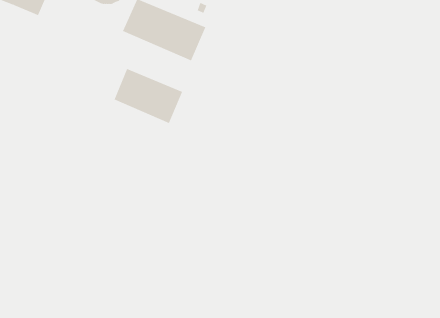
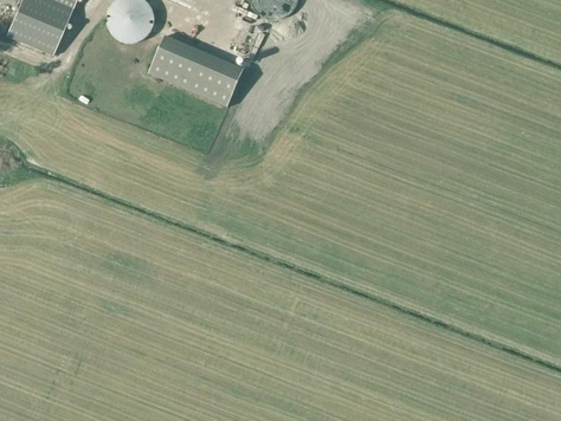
building: [114,68,183,124] -> none

